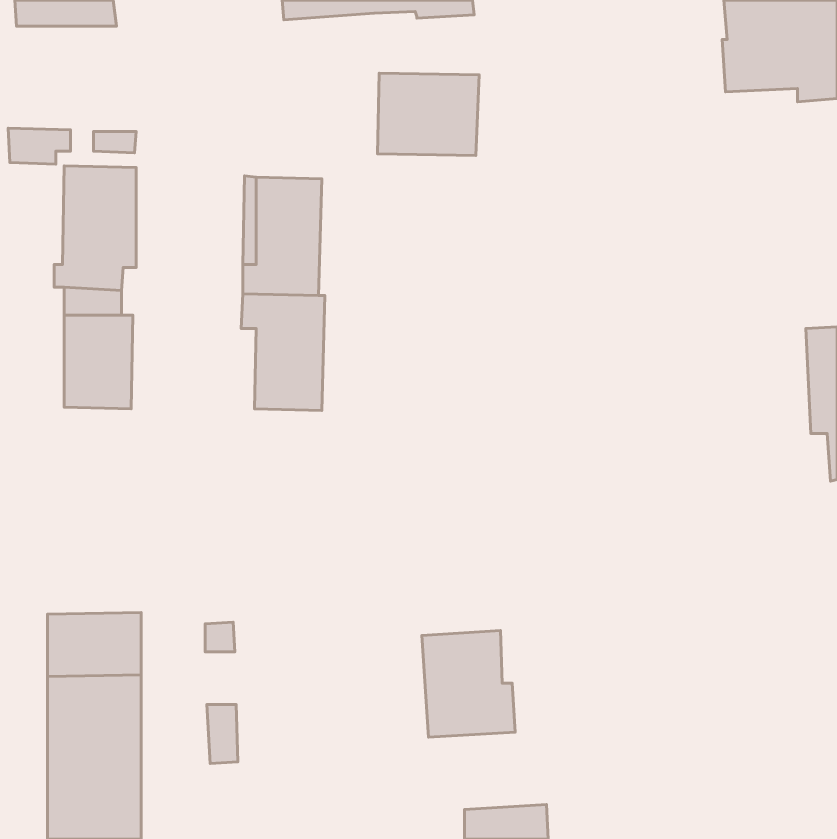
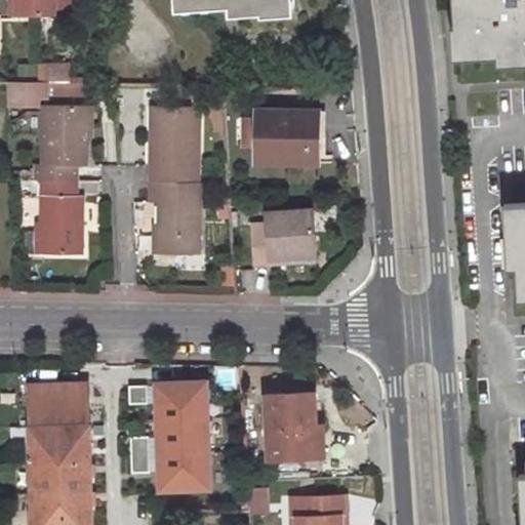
building: [377,73,479,155] -> [256,113,320,164]
building: none -> [251,214,313,269]
building: none -> [155,386,208,493]

